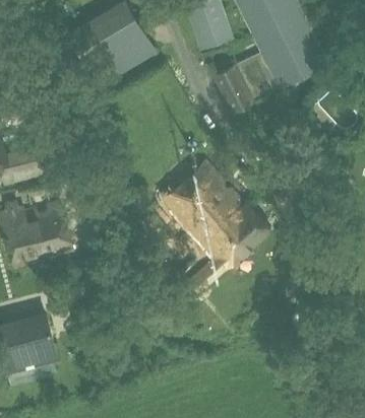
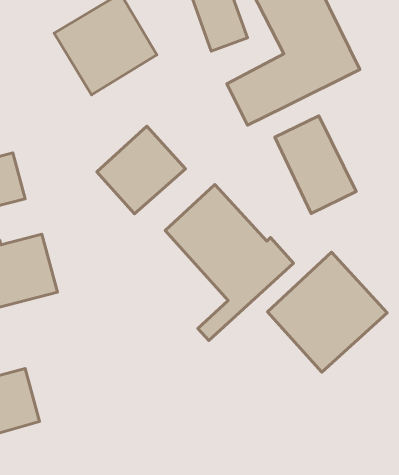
building: none -> [275,116,356,214]
building: none -> [97,126,186,214]
building: none -> [268,252,387,372]

